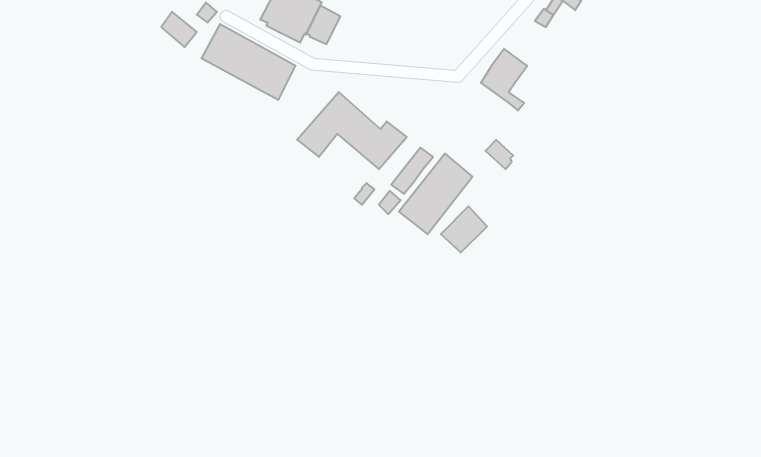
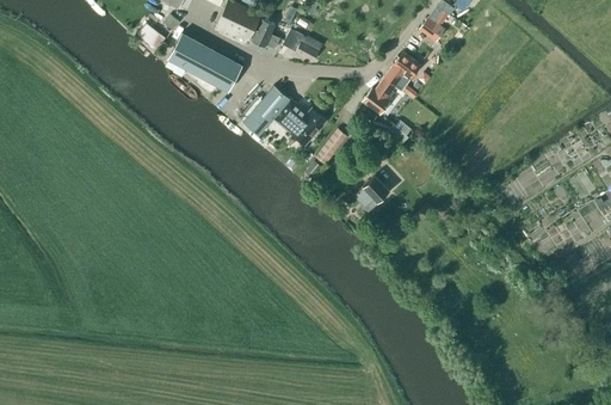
building: none -> [282,30,322,62]
building: none -> [362,79,406,115]
building: [399,154,472,234] -> none

